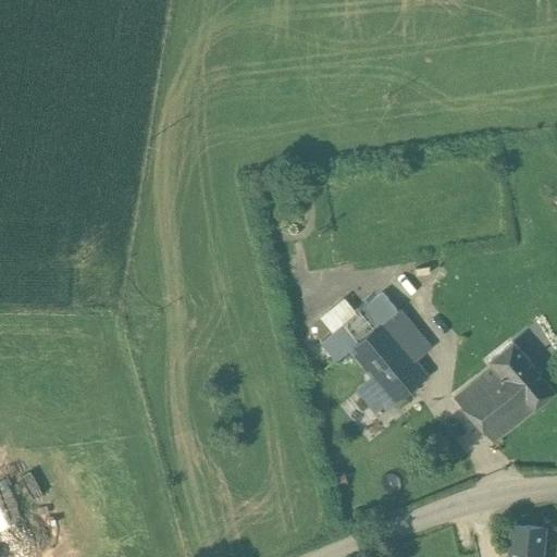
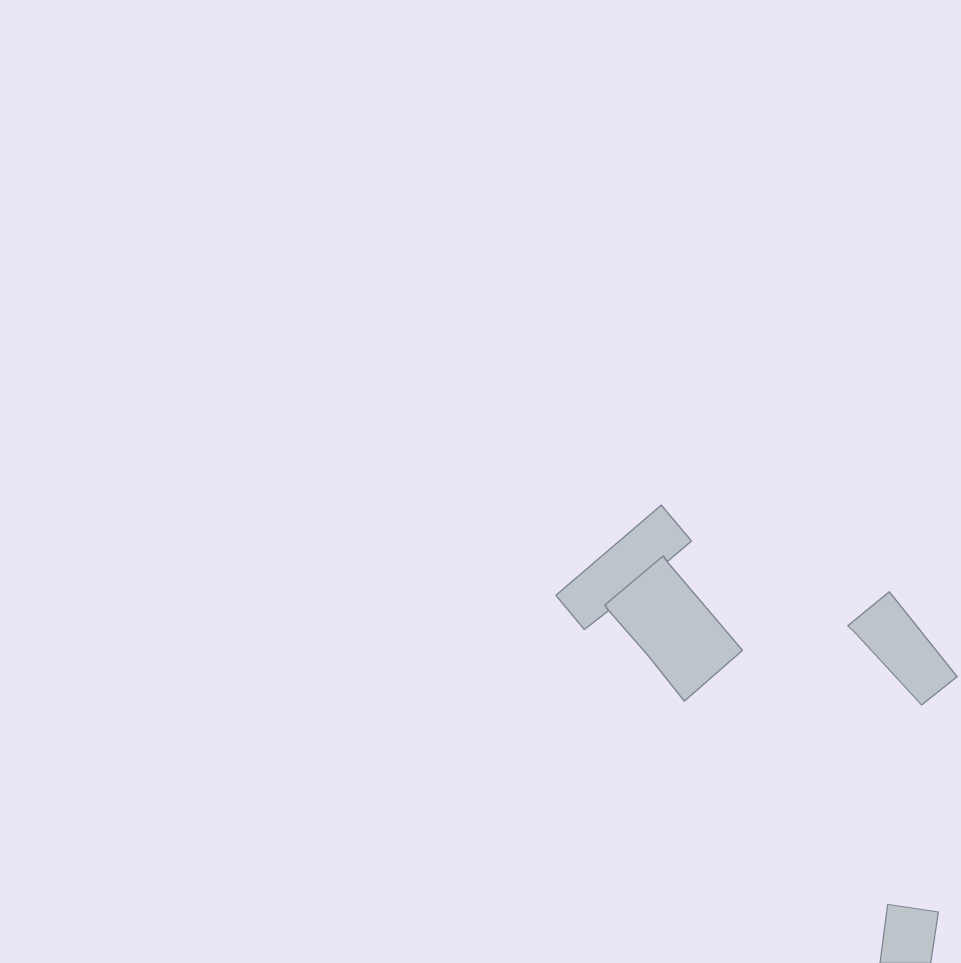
building: [386,312,432,361] -> none
building: [456,366,535,443] -> none
building: [361,379,396,417] -> none

